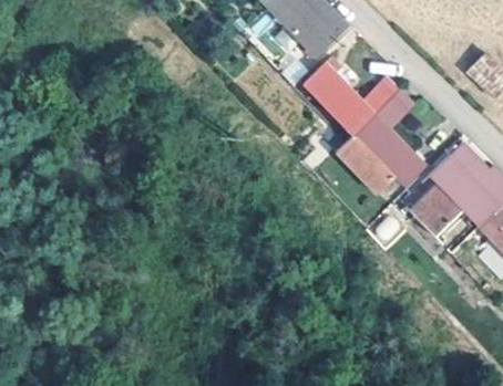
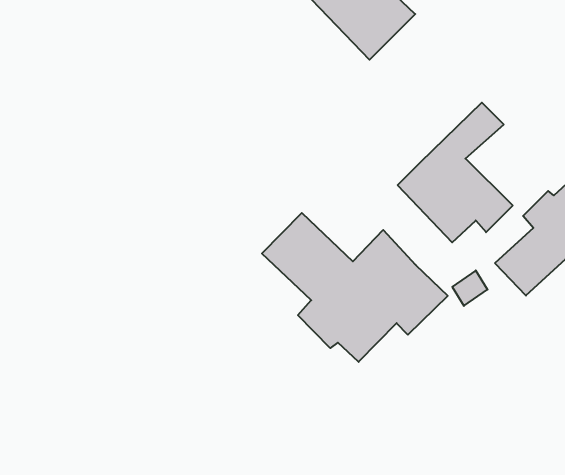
building: [304,64,399,134] -> none
building: none -> [262,213,448,362]

